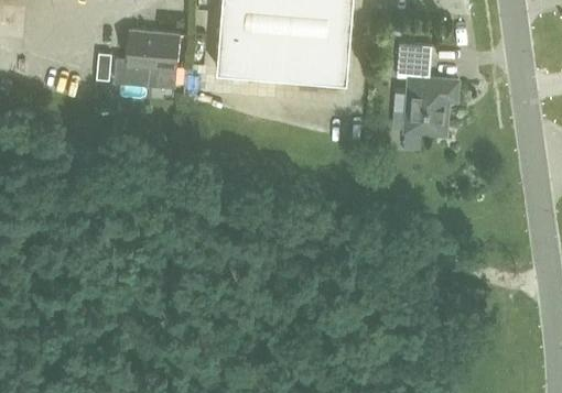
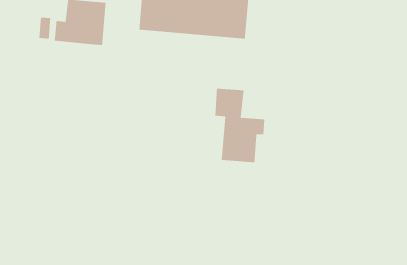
building: [396,44,457,135] -> [214,88,265,163]

